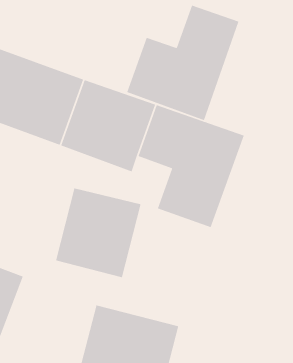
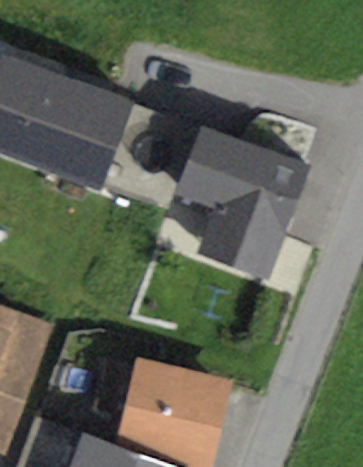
building: [126,4,239,121] -> none
building: [55,187,141,278] -> none

